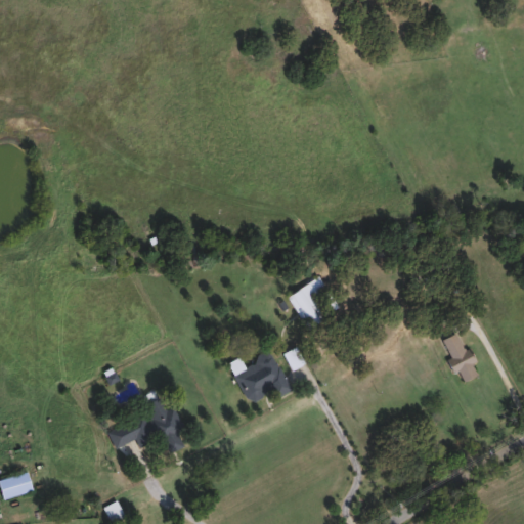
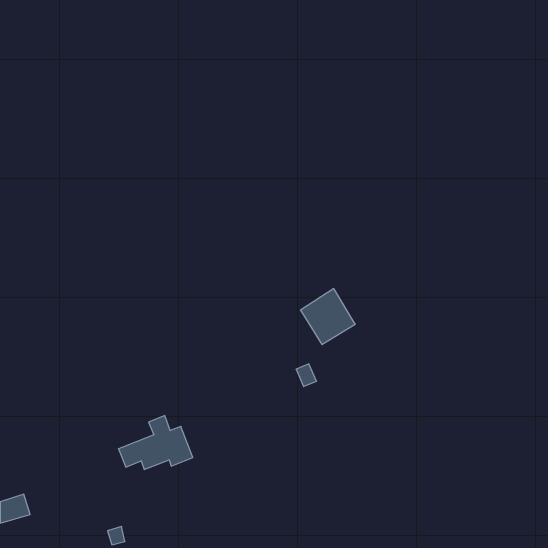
building: [442,333,477,384] -> none
building: [229,353,290,402] -> none

